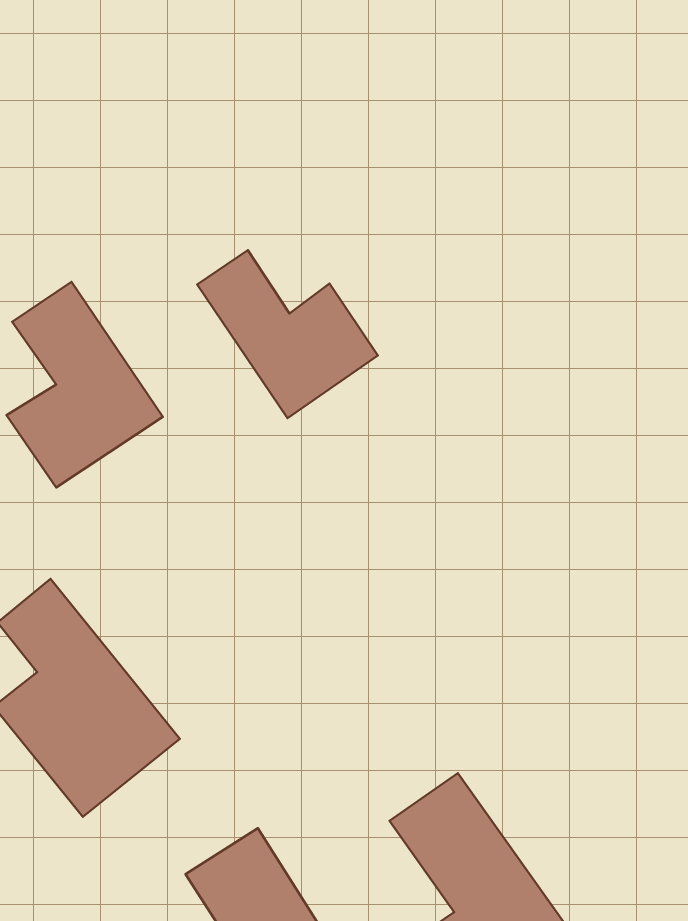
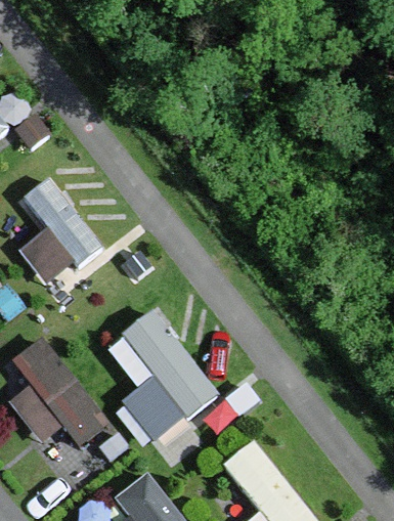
building: [197,250,378,418] -> none
building: none -> [116,310,220,446]

